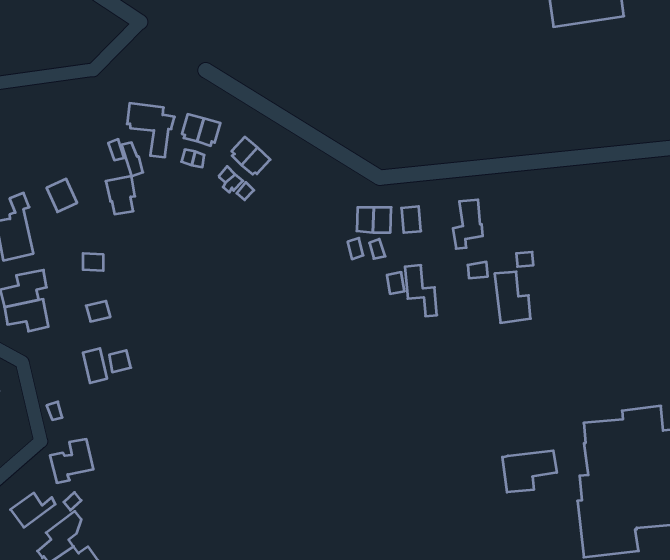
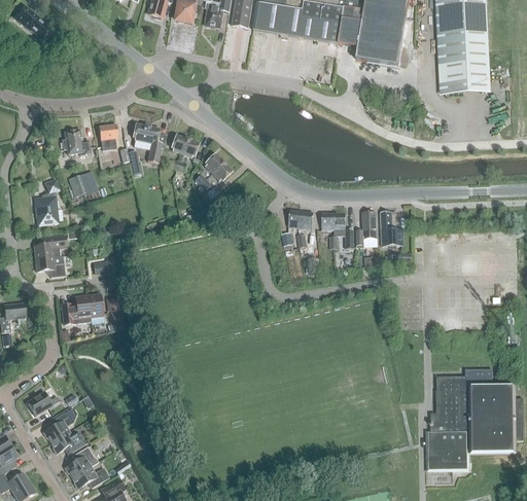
building: none -> [62,130,91,154]
building: [106,176,135,214] -> [98,123,117,149]
building: [405,265,437,316] -> [333,213,353,249]
building: [495,272,531,323] -> [381,211,403,246]
building: [50,439,93,483] -> [61,295,91,324]
building: [502,451,557,492] -> none

